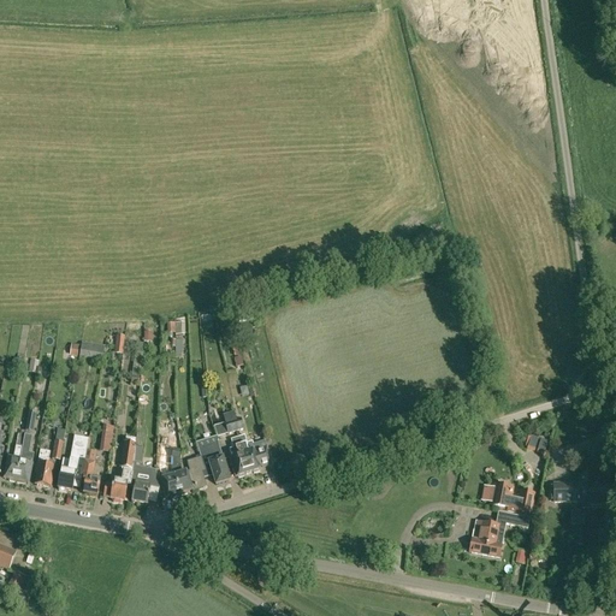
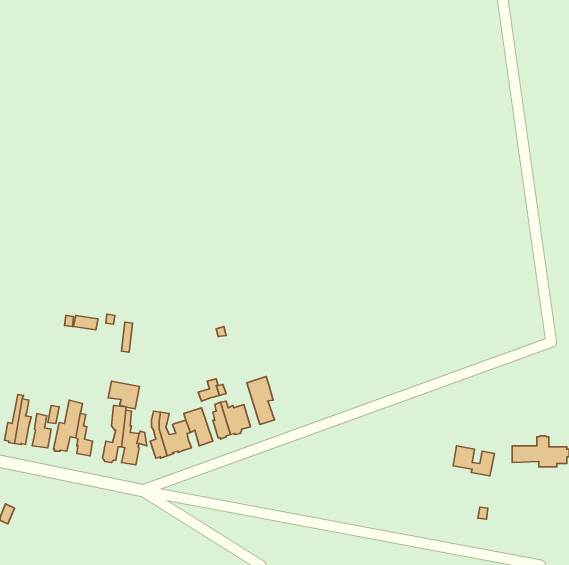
building: none -> [247,376,275,424]
building: none -> [108,381,139,409]
building: [469,509,529,555] -> none

